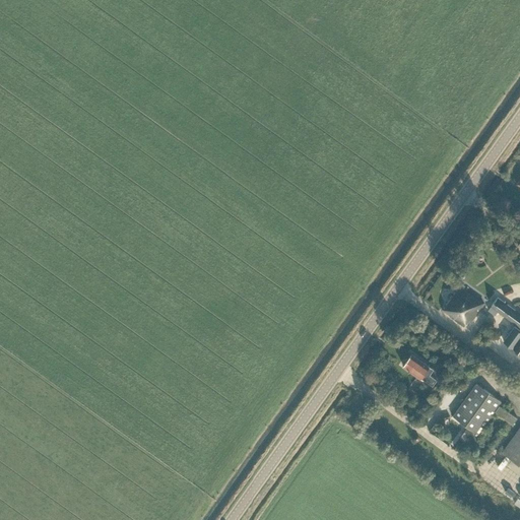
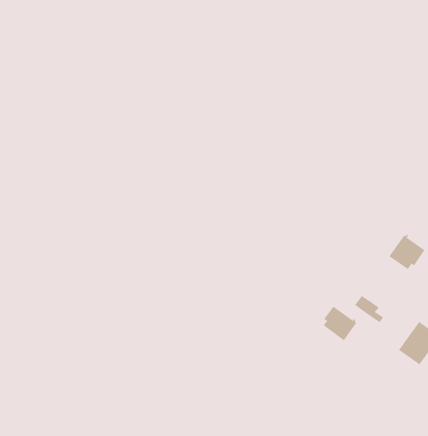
building: none -> [323,306,357,341]

